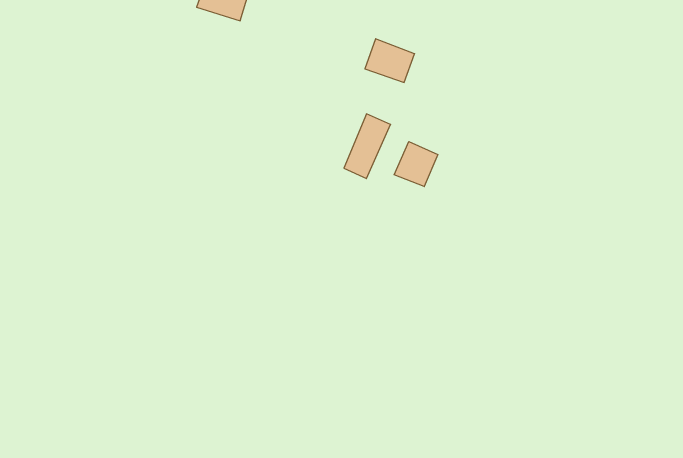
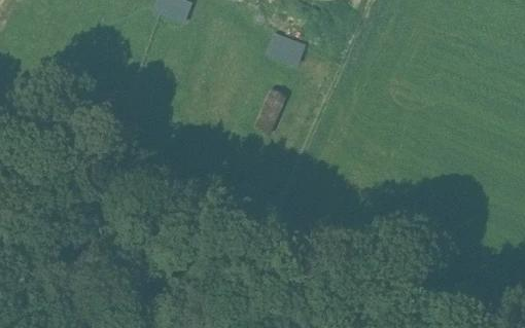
building: [394,142,438,187] -> none

